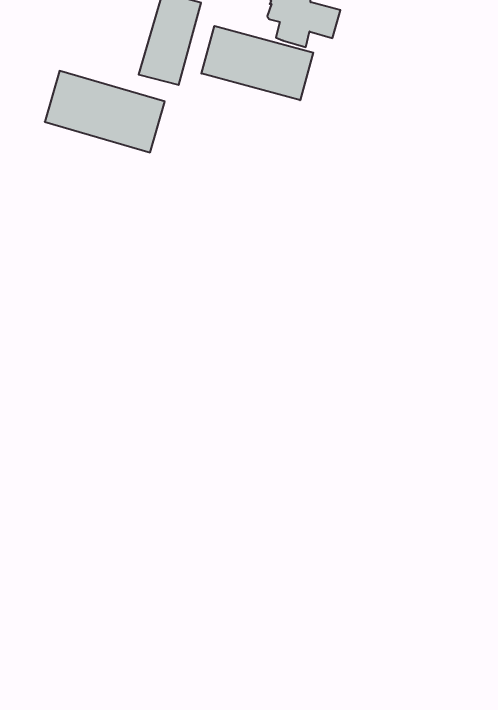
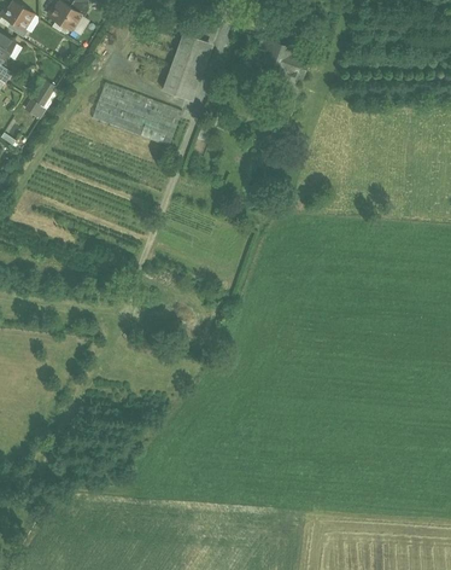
building: [201,26,313,100] -> none

